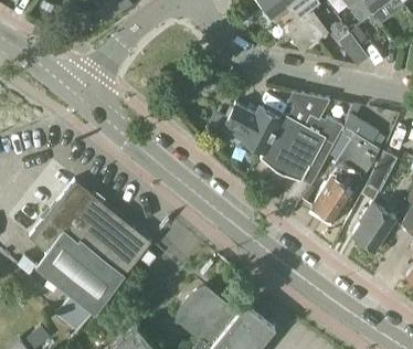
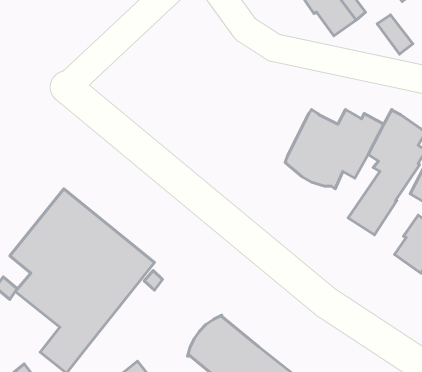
building: [288,94,329,127] -> none
building: [222,105,280,154] -> none

